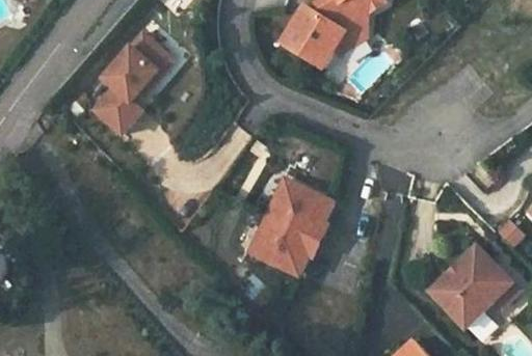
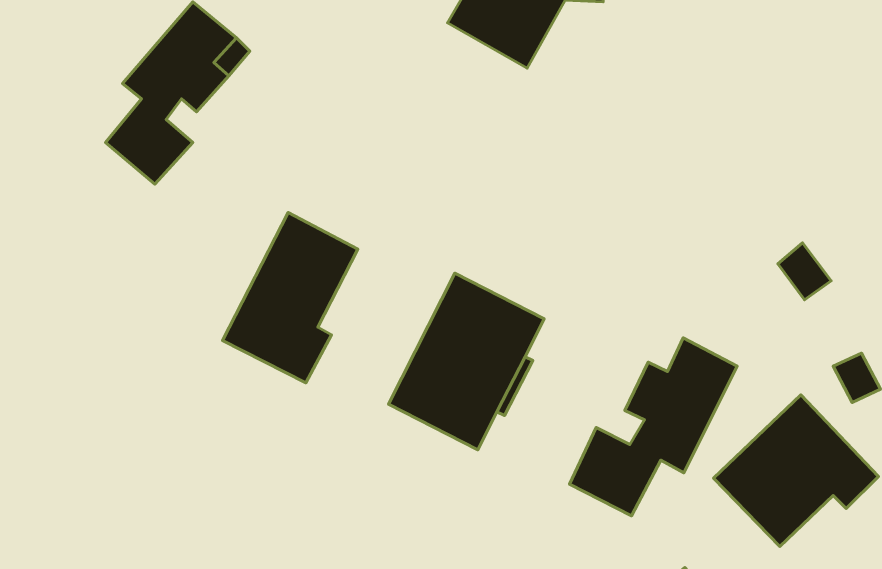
building: none -> [223,212,358,383]
building: none -> [570,338,737,516]

